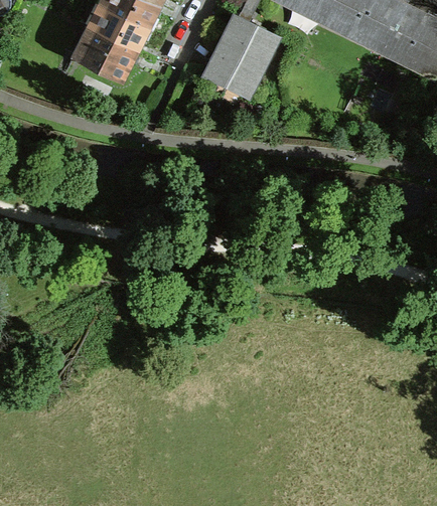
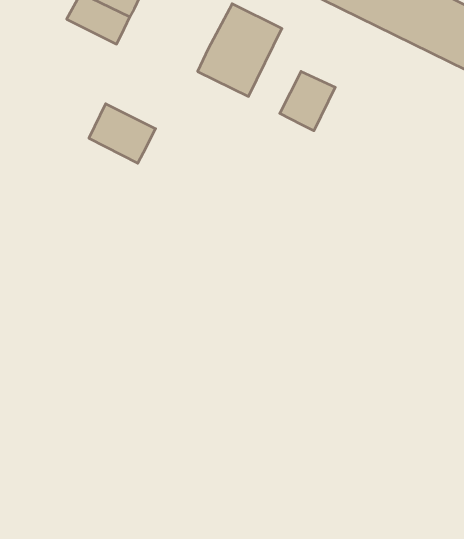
building: [79,30,135,80] -> [89,104,156,163]
building: none -> [280,71,335,131]

